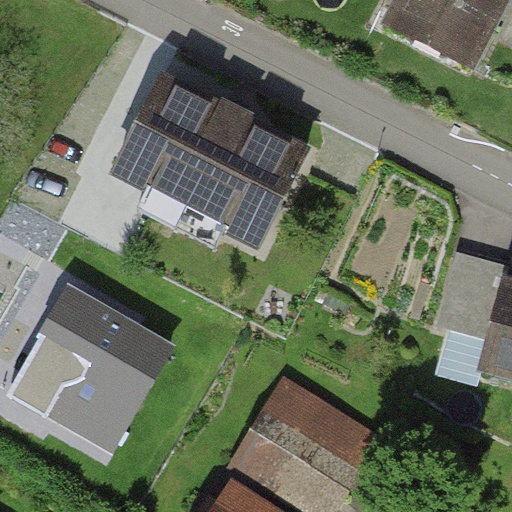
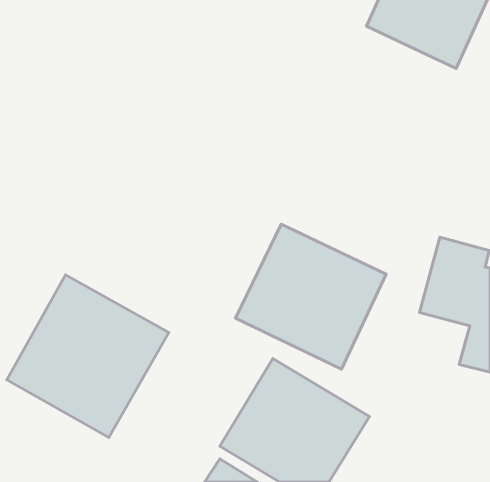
building: [109,77,311,255] -> none
building: none -> [236,224,386,369]

